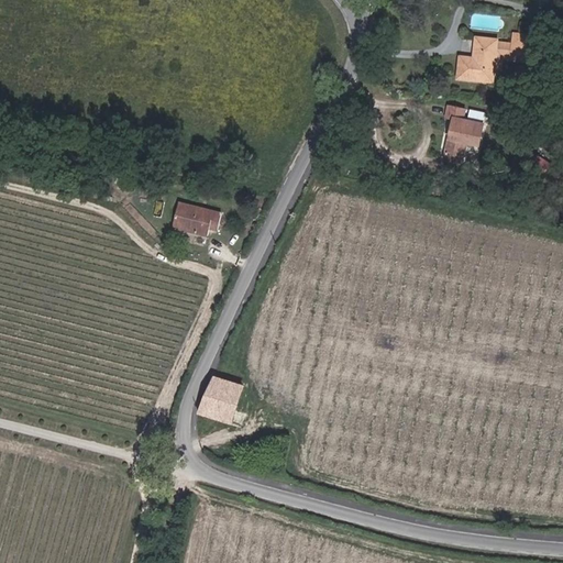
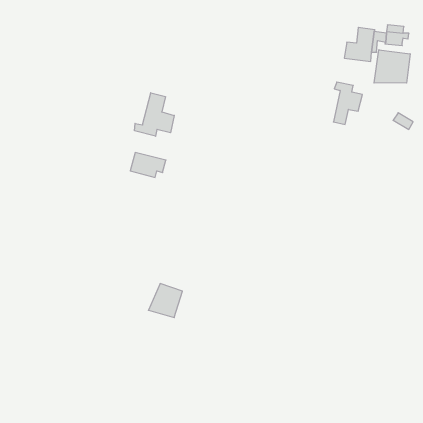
building: none -> [374,50,410,83]
building: none -> [135,93,174,136]

